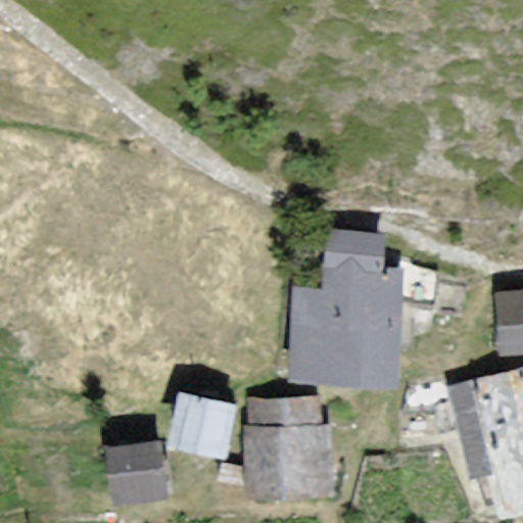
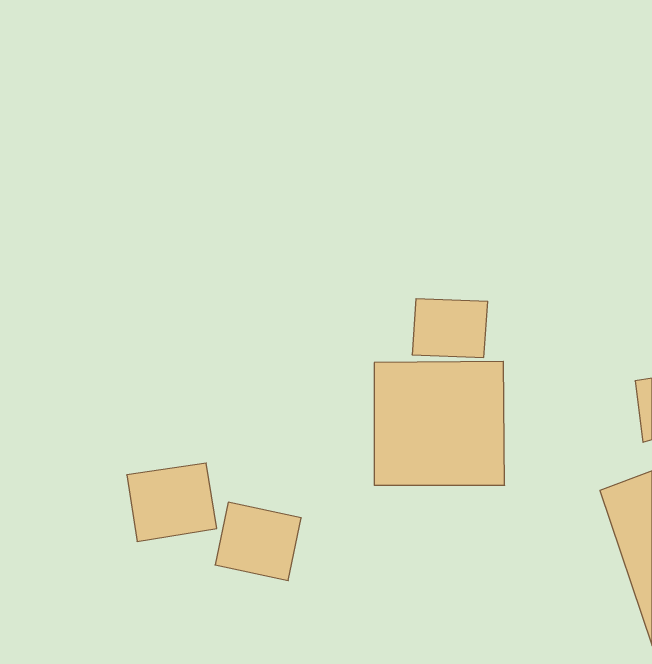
building: [241,402,338,494] -> none
building: [99,444,170,506] -> [127,463,217,541]

